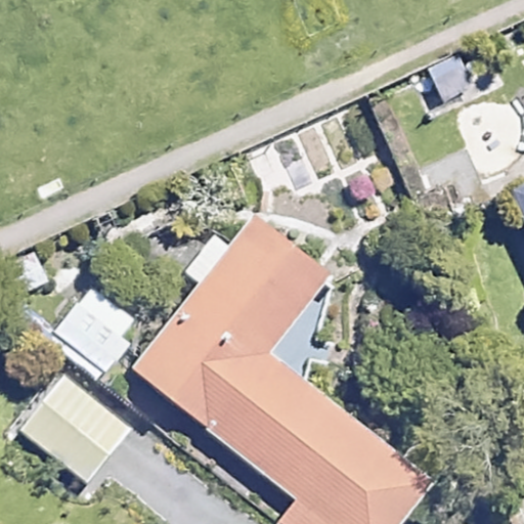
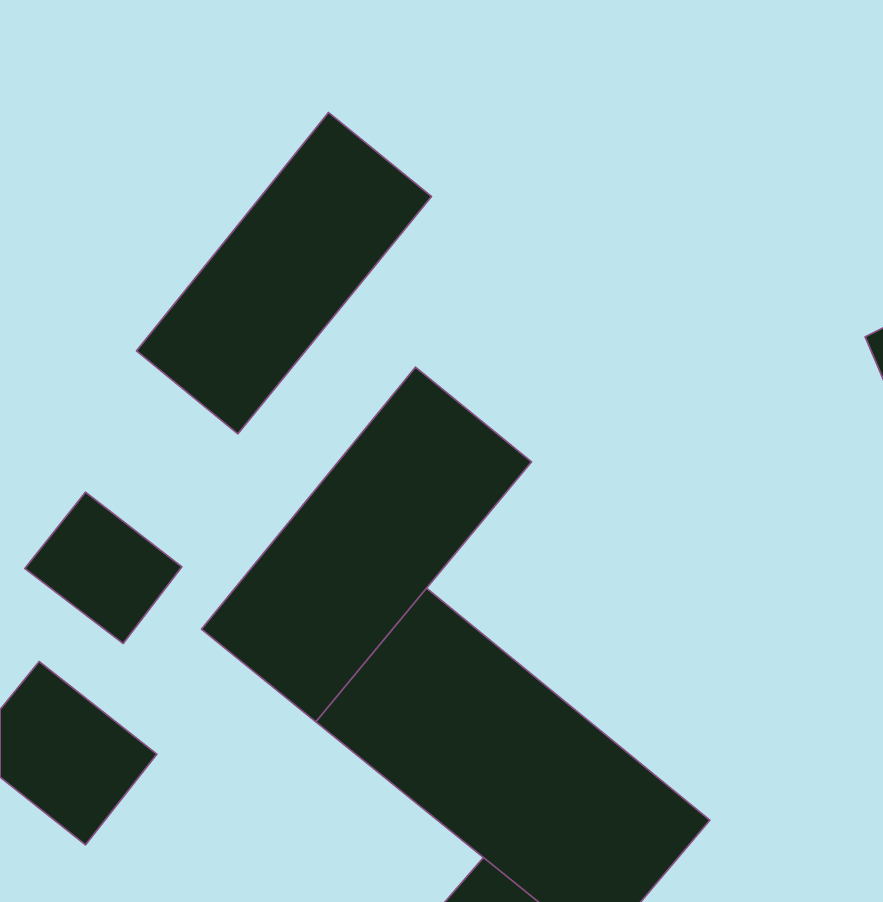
building: none -> [136,112,432,434]

